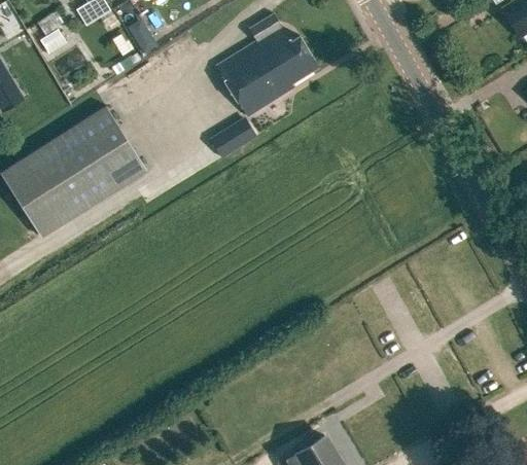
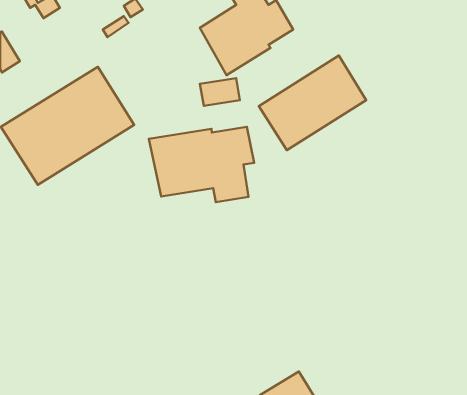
building: none -> [259,56,366,150]
building: none -> [149,127,254,202]

